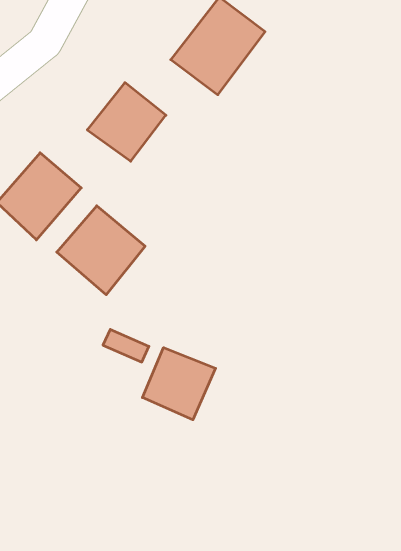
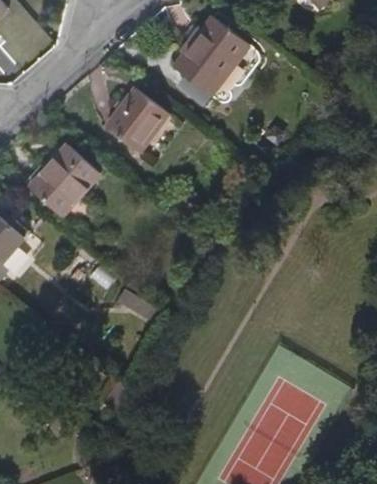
building: [57,206,145,295] -> none
building: [142,348,216,420] -> none

